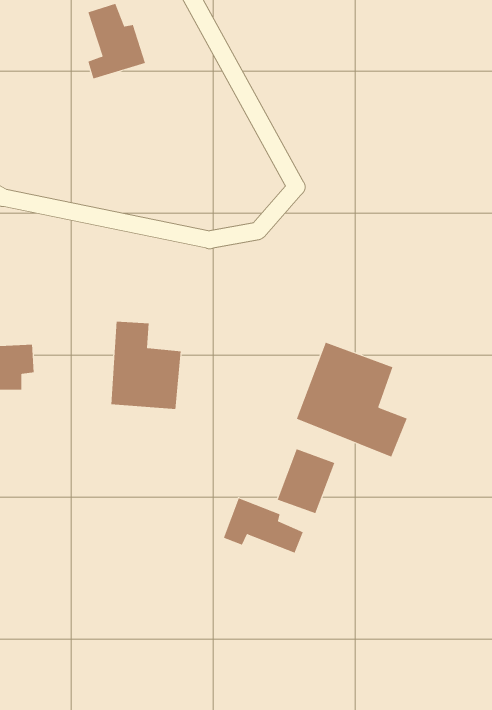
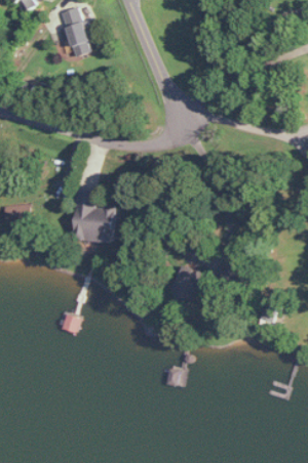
building: [296,342,407,457] -> none
building: [223,498,303,553] -> none

